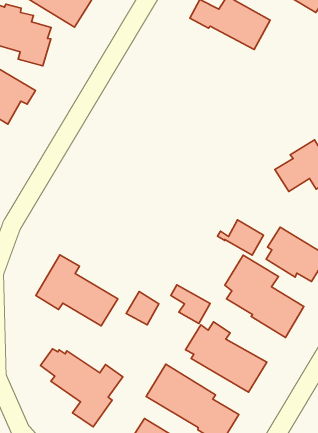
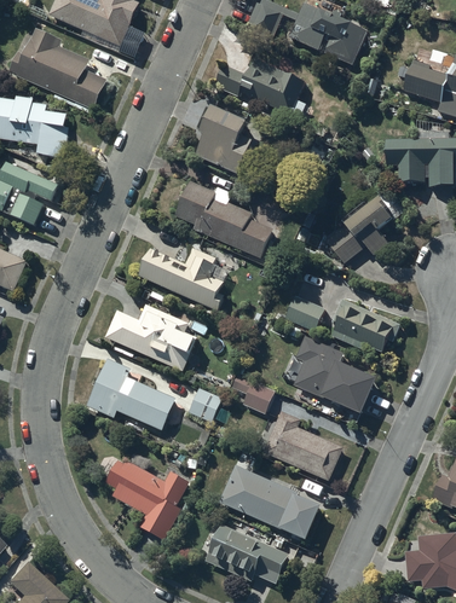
building: none -> [195,106,252,172]
building: none -> [177,181,275,259]
building: none -> [135,247,220,309]
building: none -> [105,305,197,371]

